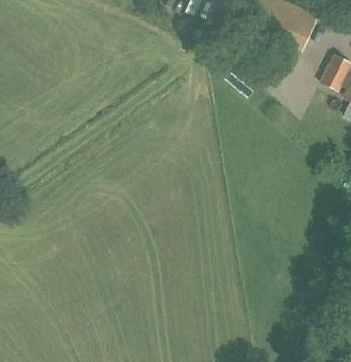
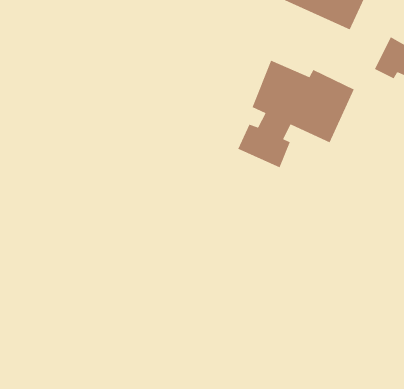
building: none -> [238,60,354,168]

